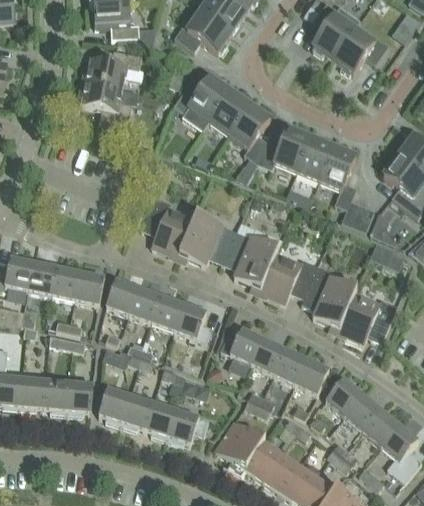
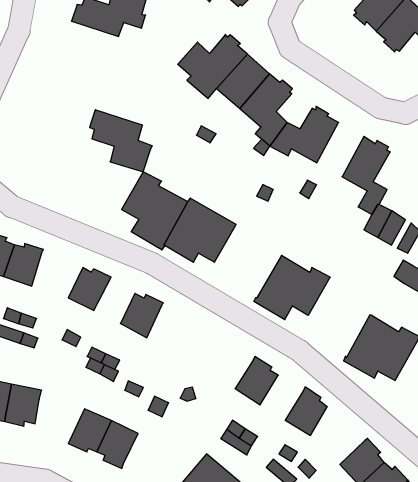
building: [79,80,132,126] -> [90,110,152,172]
building: [296,137,332,181] -> none
building: [222,230,278,288] -> none
building: [301,264,356,328] -> none
building: [75,269,104,305] -> none
building: [128,285,160,322] -> none
building: [174,301,211,342] -> none
building: [220,329,264,364] -> none
building: [273,349,308,385] -> none
building: [325,379,364,416] -> none
building: [98,388,130,425] -> none
building: [166,410,208,445] -> none

